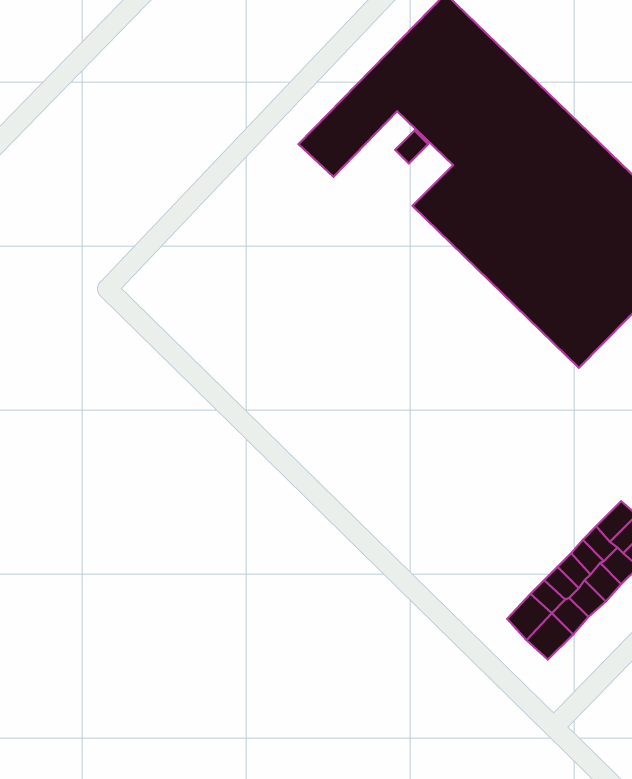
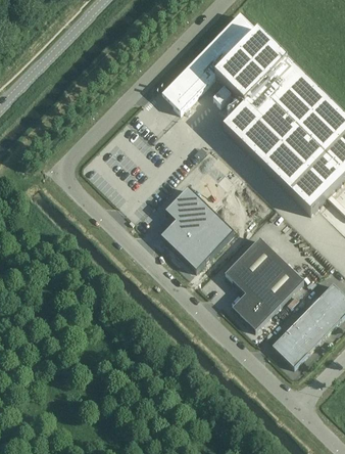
building: none -> [161,187,234,270]
building: none -> [225,237,303,329]

